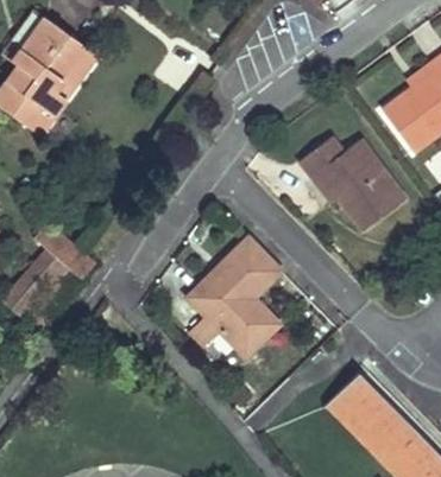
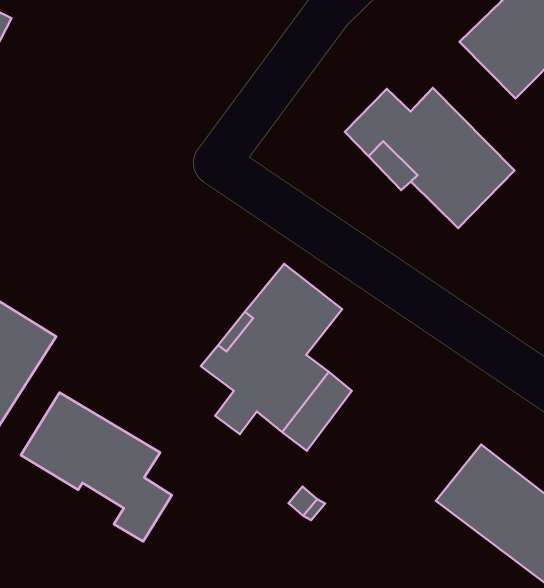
building: none -> [21,393,172,541]

